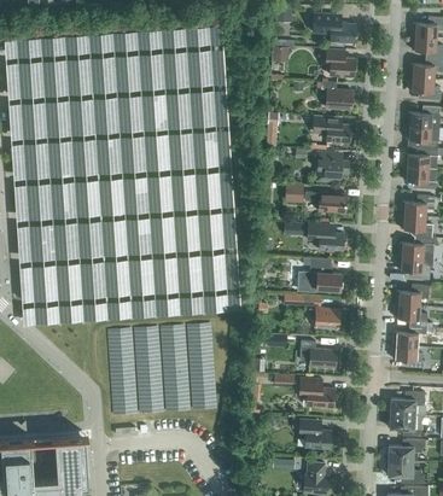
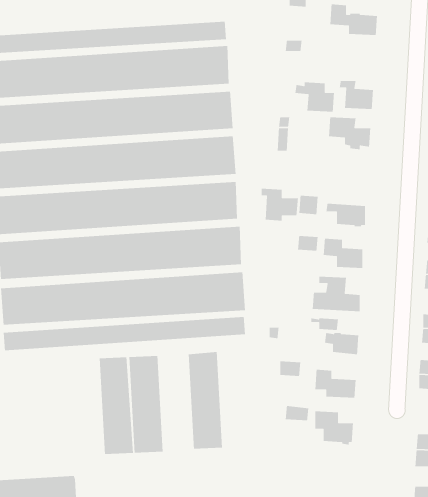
building: [319,48,355,76] -> [294,81,335,112]
building: [315,152,349,182] -> [261,188,299,222]
building: [161,327,192,414] -> none
building: [301,419,332,449] -> none

